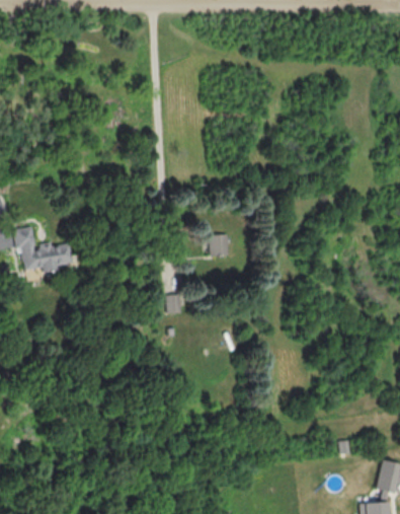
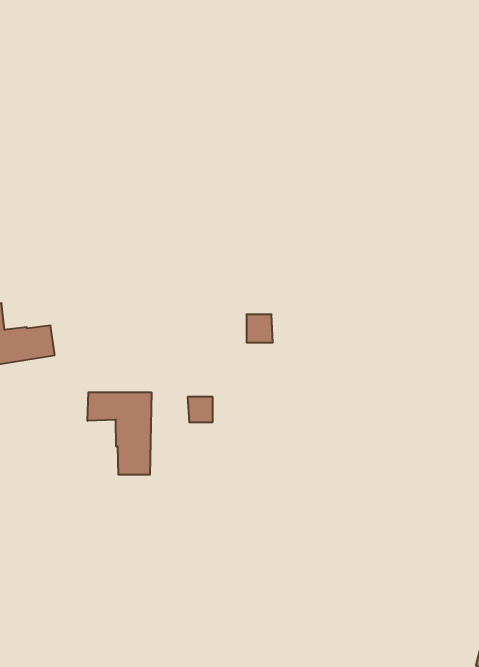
building: none -> [88,392,151,475]

